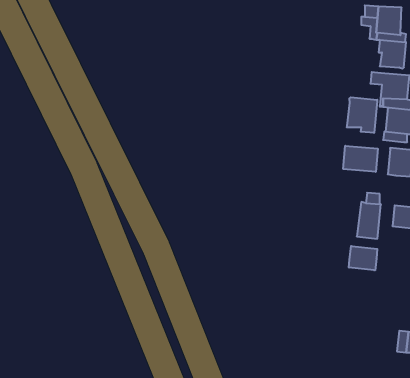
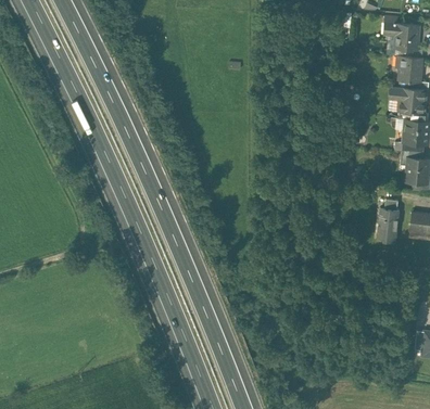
building: [347,97,377,133] -> none
building: [343,146,378,172] -> none
building: [349,246,377,270] -> none

